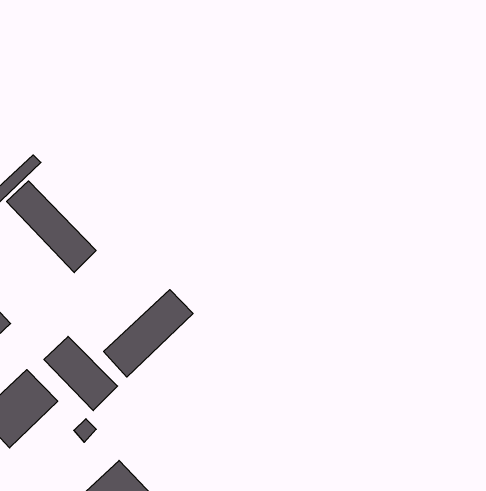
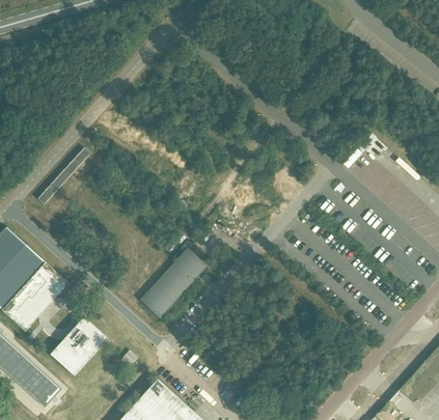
building: [7,181,96,273] -> none
building: [44,336,118,411] -> none

